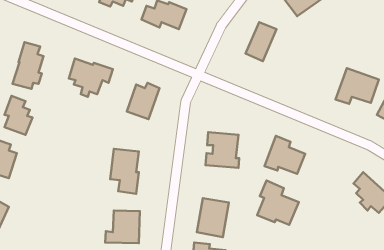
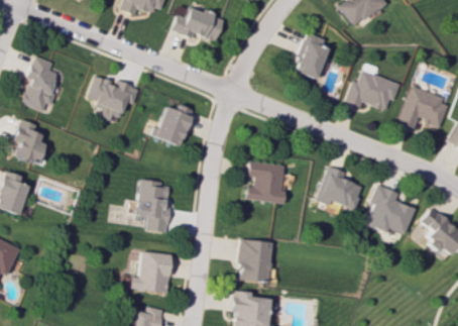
building: none -> [347,64,400,111]
building: [257,180,299,225] -> [366,184,415,235]

